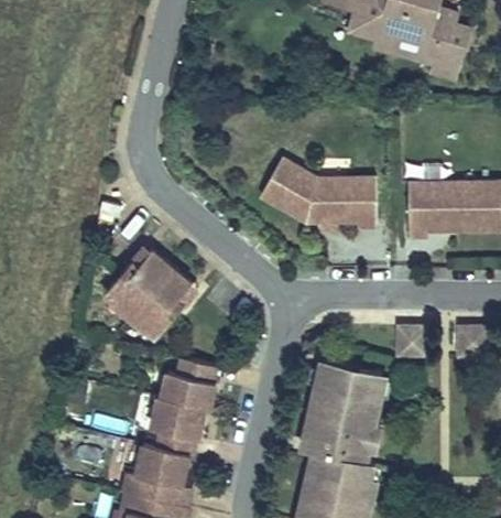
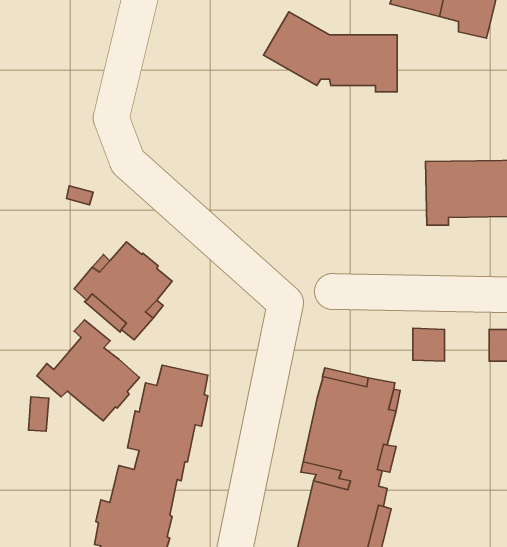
building: [259,157,374,226] -> [263,12,397,92]
building: none -> [37,320,140,421]

